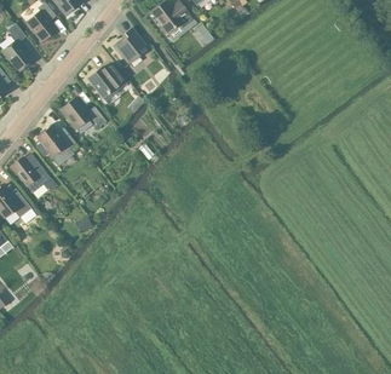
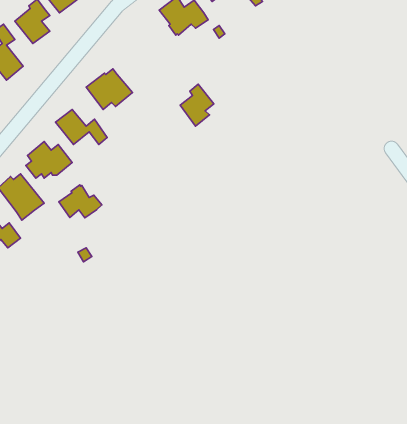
building: [117,28,146,64] -> [180,84,214,126]
building: none -> [59,185,102,218]

